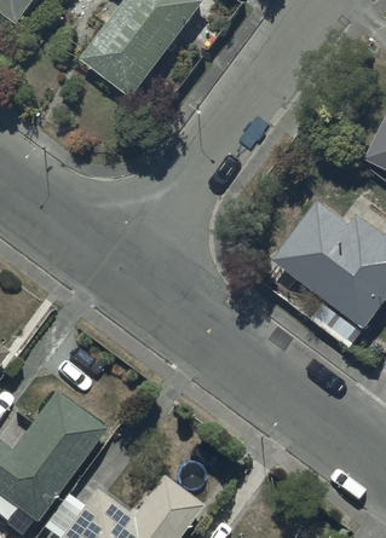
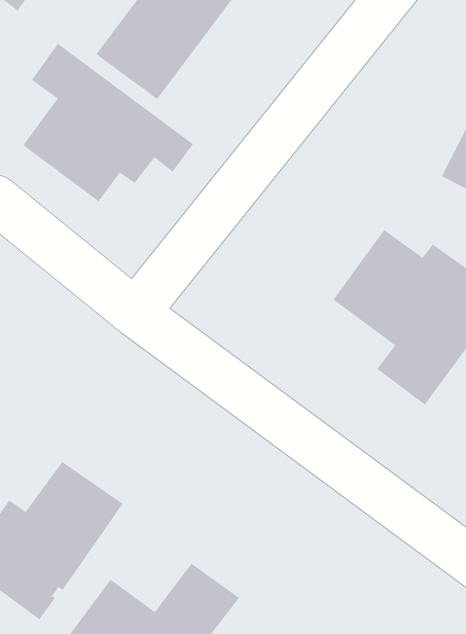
building: none -> [23,43,194,202]

